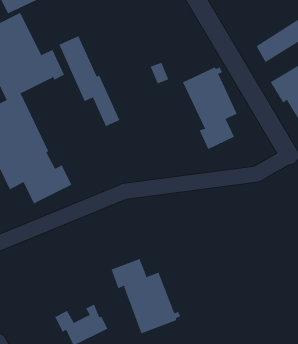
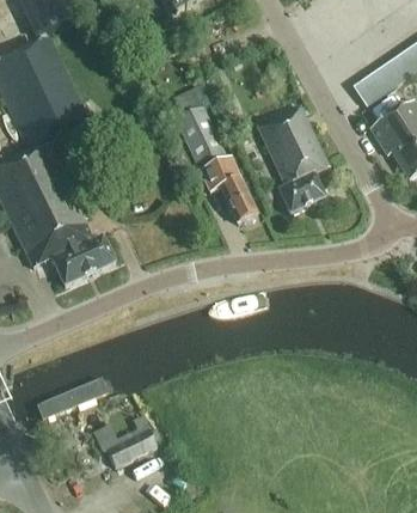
building: [58,35,120,127] -> [177,104,257,222]
building: [111,258,181,334] -> none
building: none -> [37,378,106,421]

